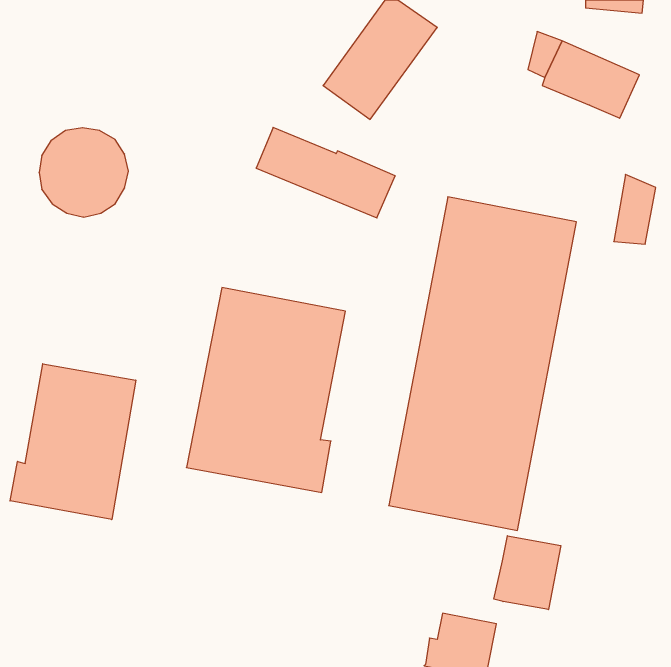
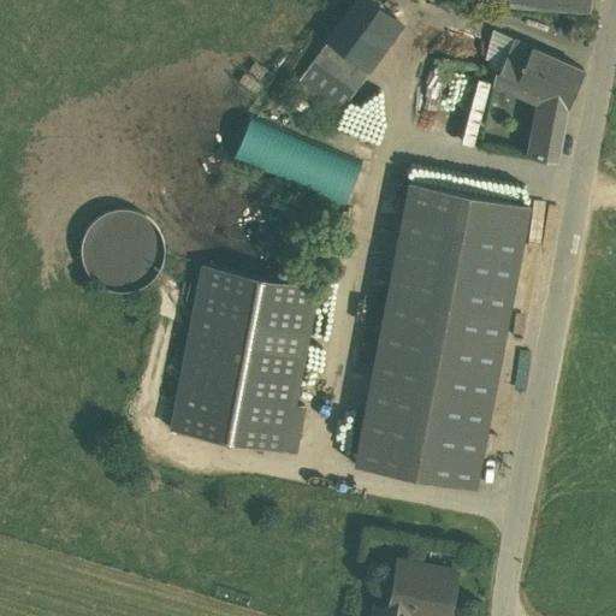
building: [39,128,128,217] -> [82,212,164,294]
building: [614,174,656,244] -> [529,100,568,164]
building: [10,364,136,520] -> none
building: [494,536,561,610] -> none

